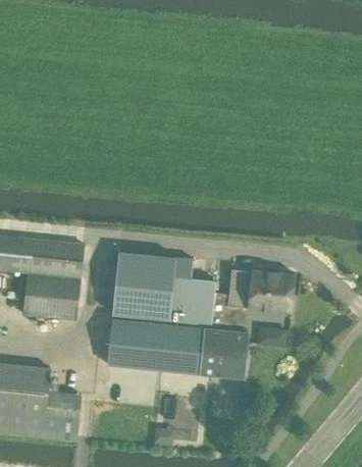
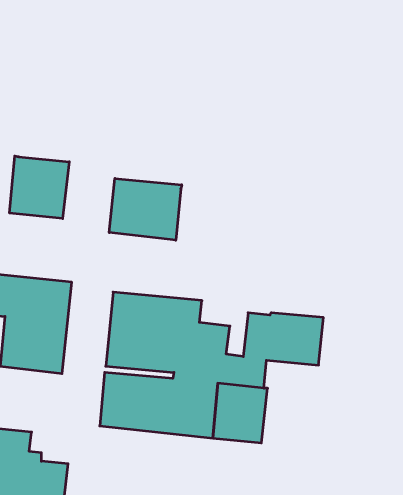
building: none -> [10,156,69,219]
building: none -> [109,178,182,240]

